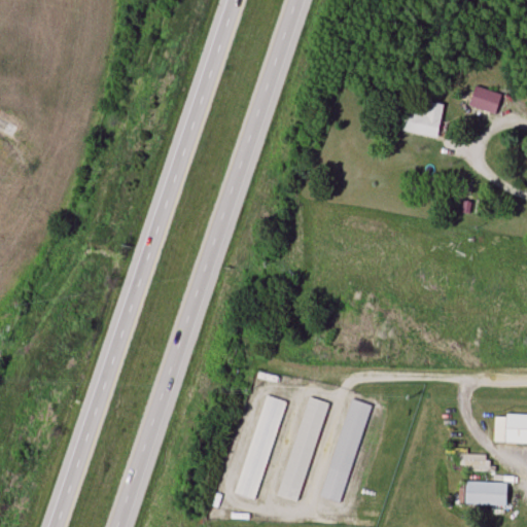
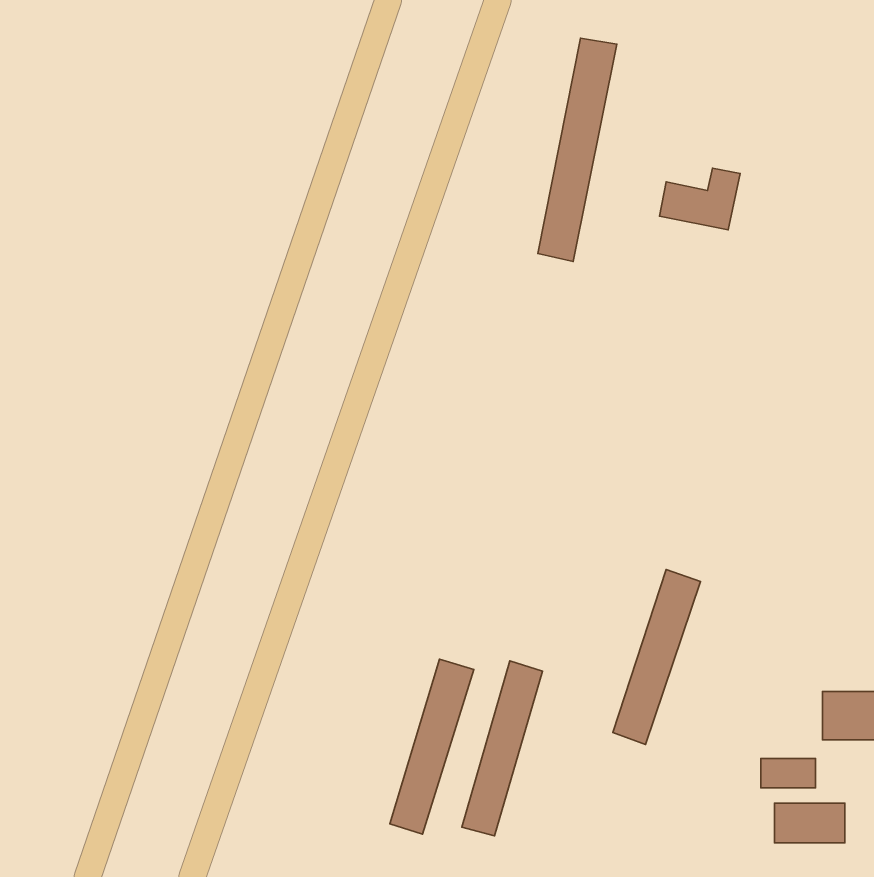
building: none -> [538,38,617,262]
building: [470,85,503,114] -> none
building: [320,398,373,503] -> [613,570,700,745]

